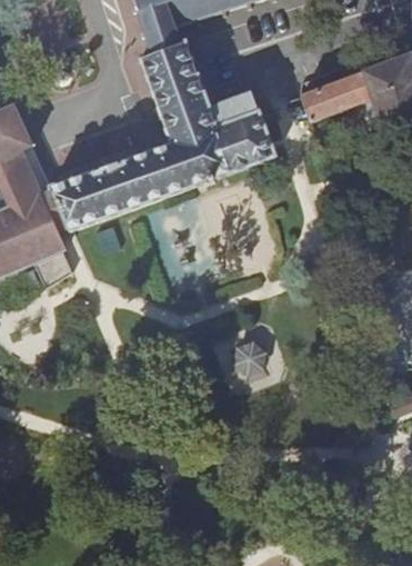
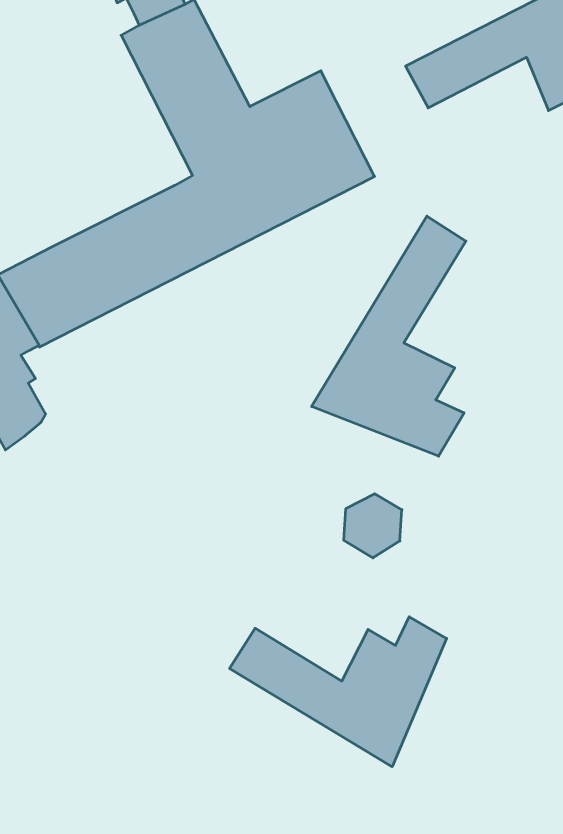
building: none -> [312,216,466,456]
building: none -> [230,617,447,767]

